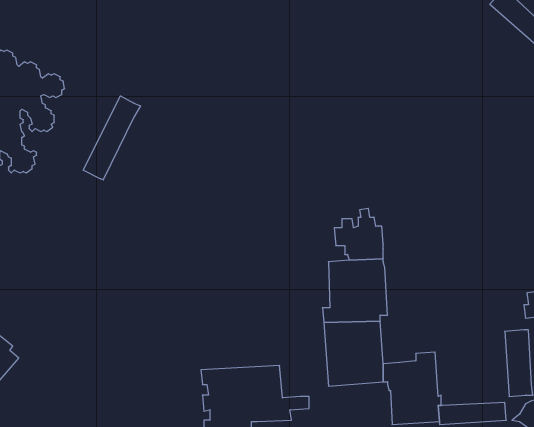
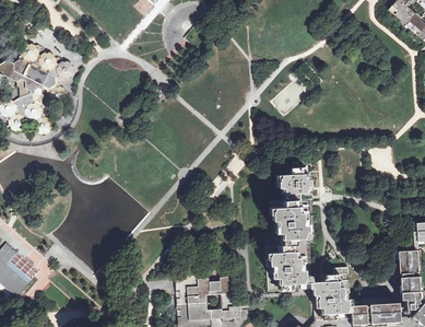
building: [83,96,140,180] -> none

